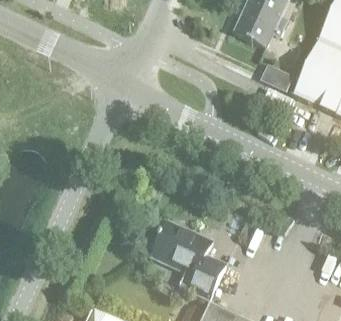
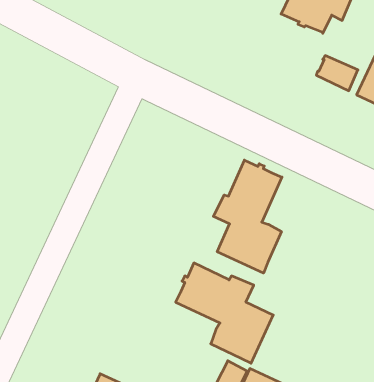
building: none -> [213,160,282,273]

